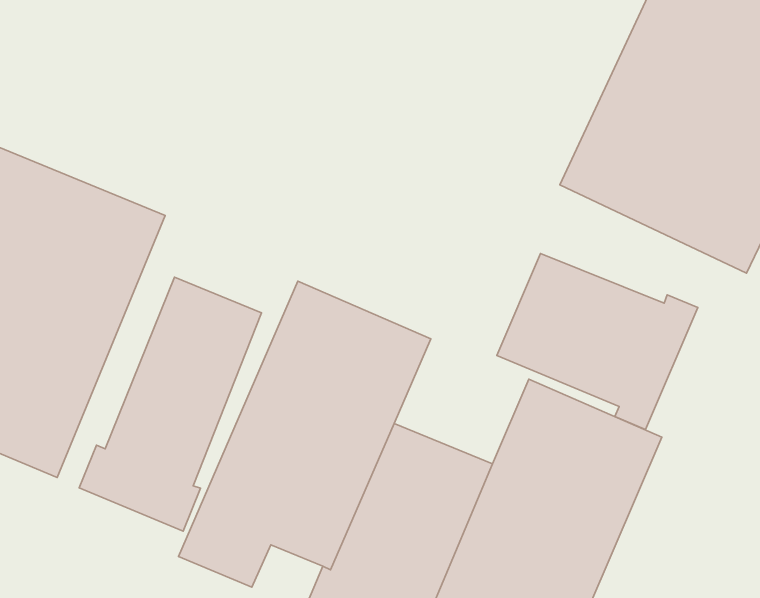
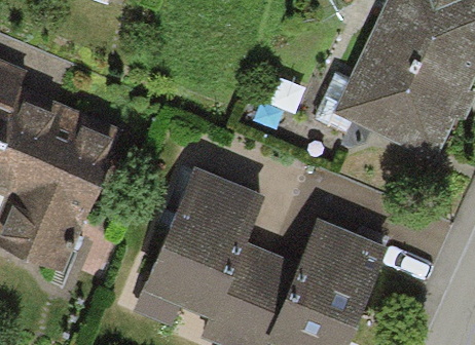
building: [497,254,698,429] -> none
building: [79,277,261,531] -> none

